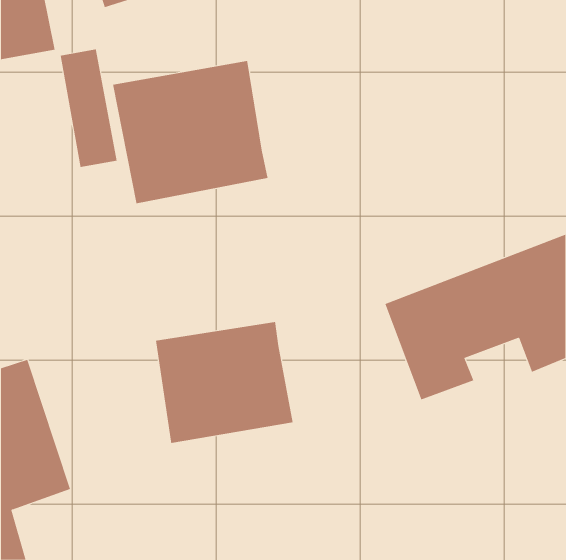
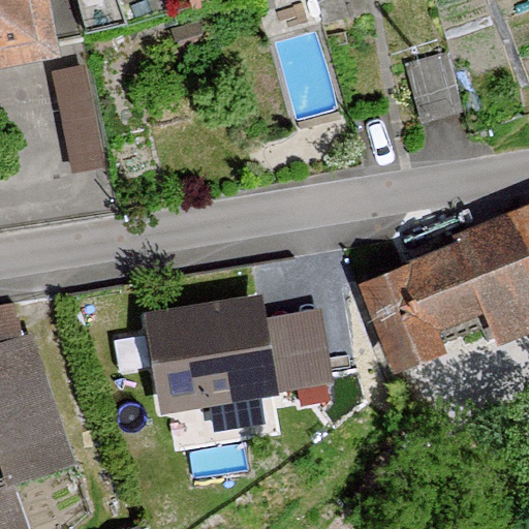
building: [113,60,268,204] -> none
building: none -> [260,311,334,394]

